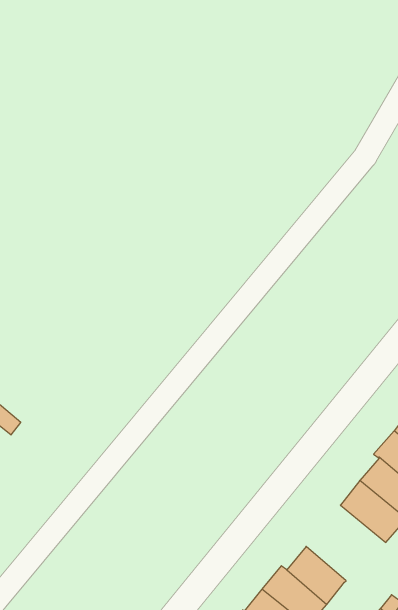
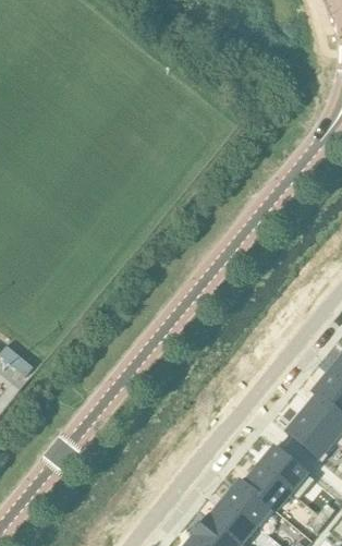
building: none -> [257,445,313,498]

